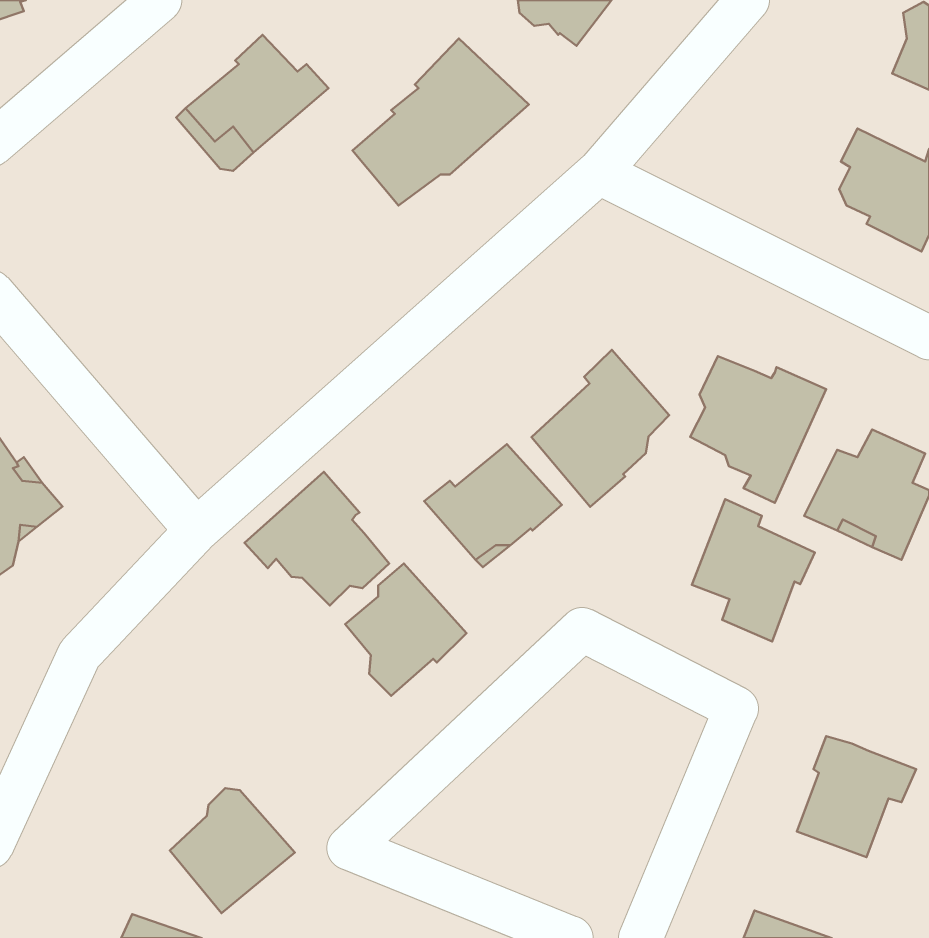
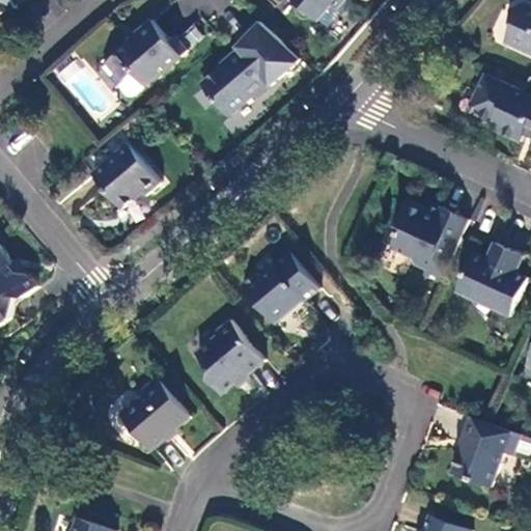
building: none -> [90,144,159,209]
building: [532,350,669,507] -> none
building: [245,472,389,606] -> none
building: [692,499,815,642] -> none
building: [170,788,295,913] -> [119,381,190,451]

